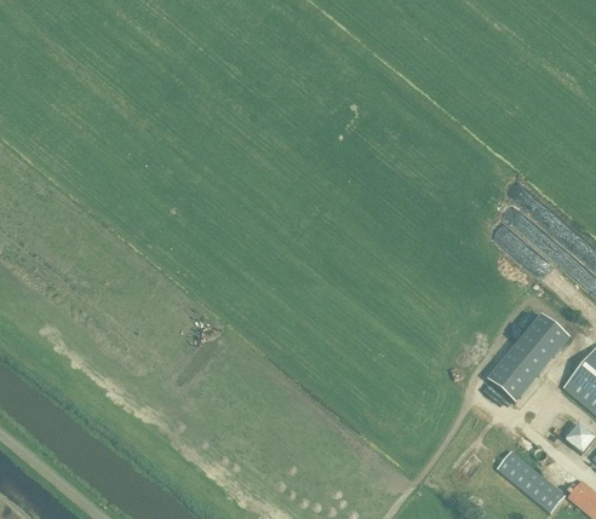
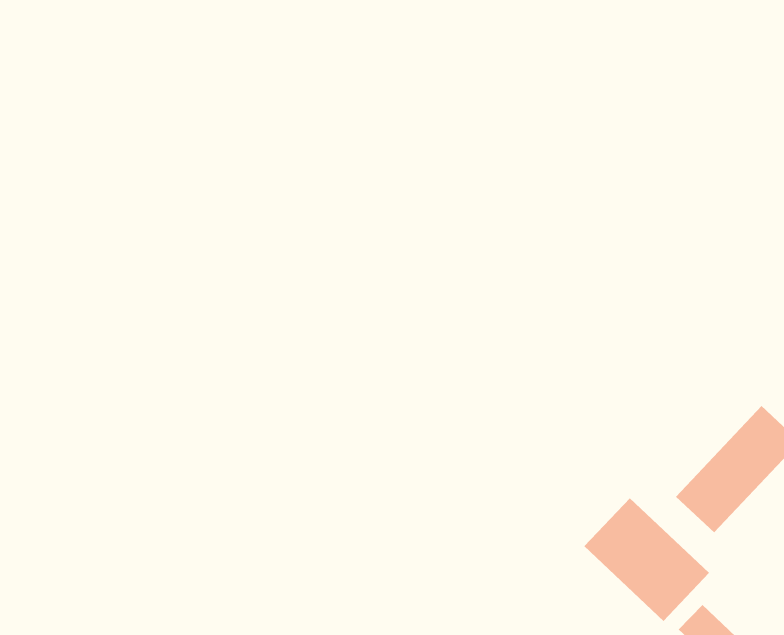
building: none -> [584,497,710,622]

